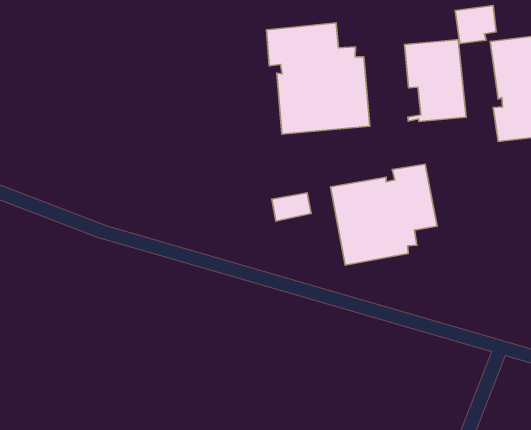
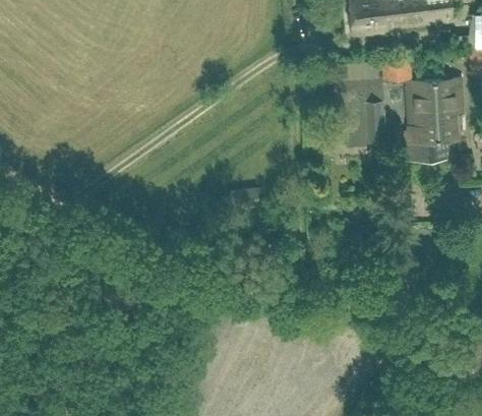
building: [267,23,370,134] -> none
building: [331,164,437,265] -> none

